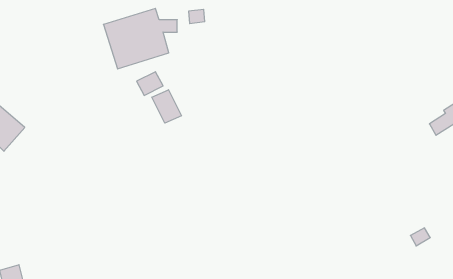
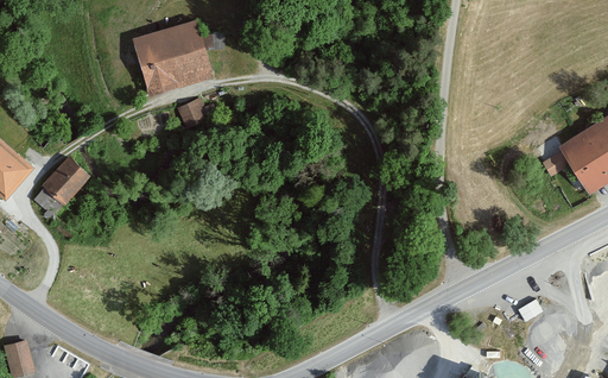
building: [152,90,181,123] -> none
building: none -> [32,156,91,218]

